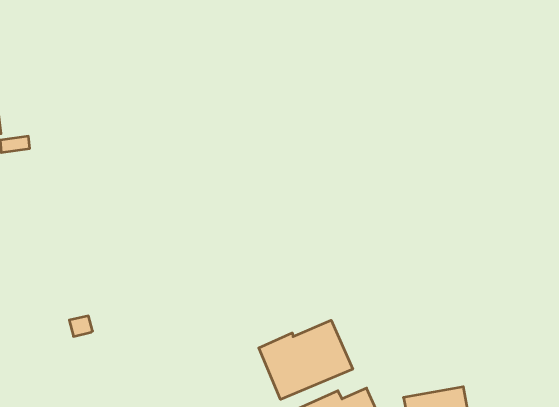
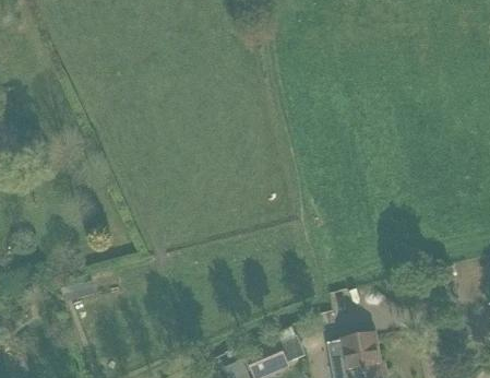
building: [259,320,353,399] -> none

